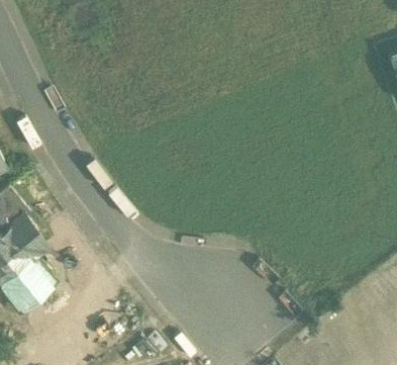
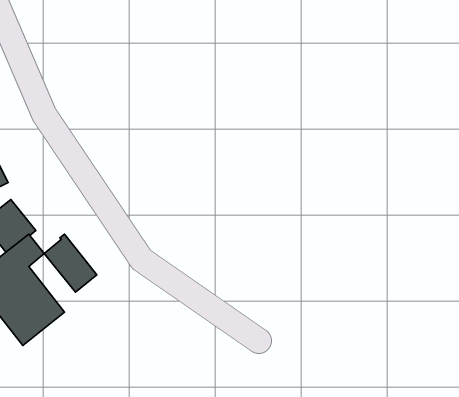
building: none -> [44,234,97,292]

